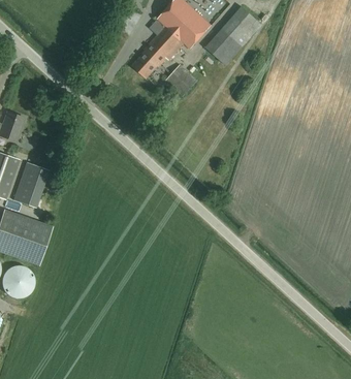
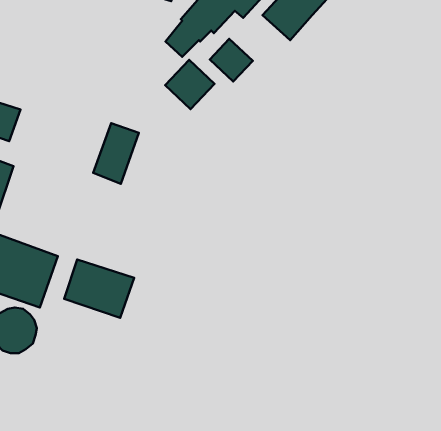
building: none -> [165,60,214,109]
building: [13,162,47,208] -> [93,123,139,184]
building: none -> [64,259,134,318]

